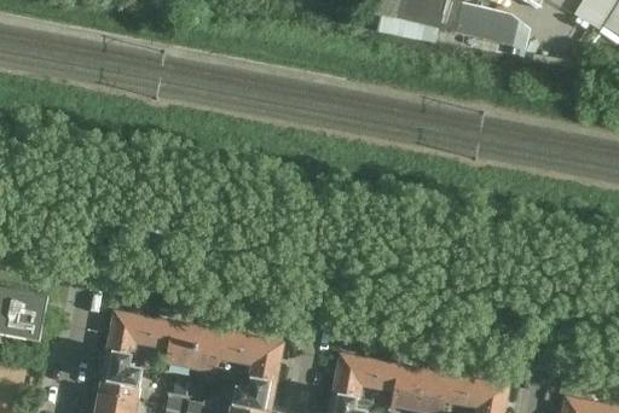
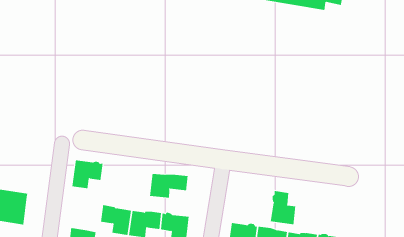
building: none -> [150,173,188,199]
building: none -> [270,190,296,225]
building: [106,310,155,354] -> [72,160,104,189]

